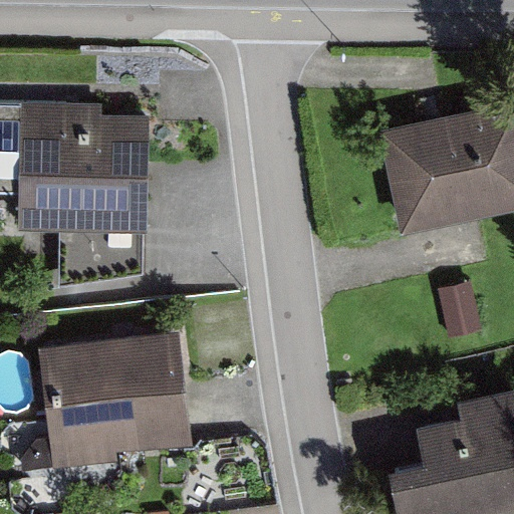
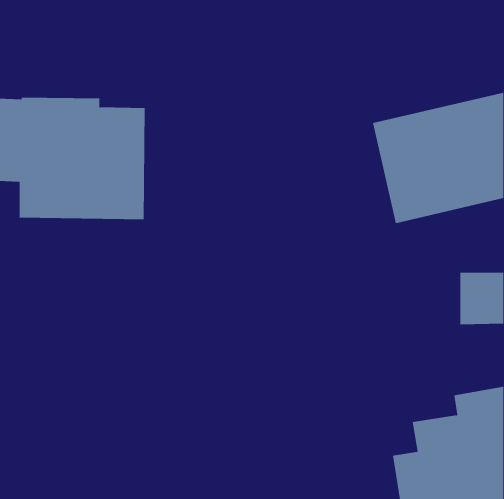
building: [38,332,193,473] -> none

